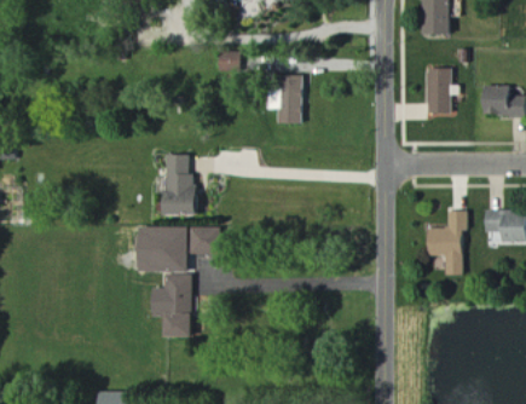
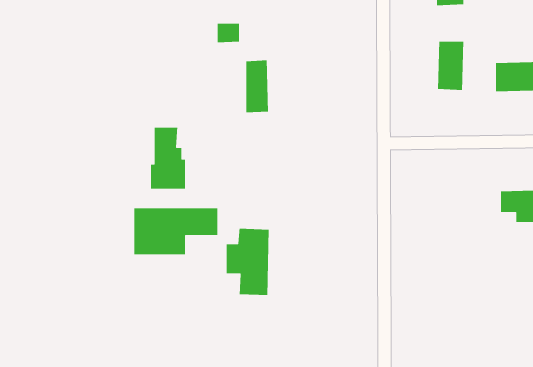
building: [281,75,302,126] -> [246,59,269,113]
building: [427,209,466,273] -> none
building: [152,272,193,336] -> [226,228,269,296]

